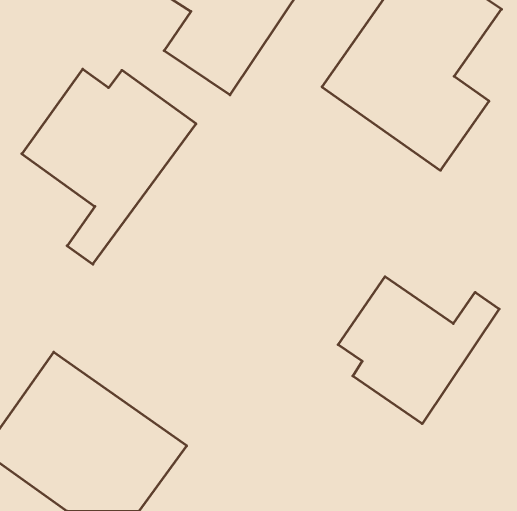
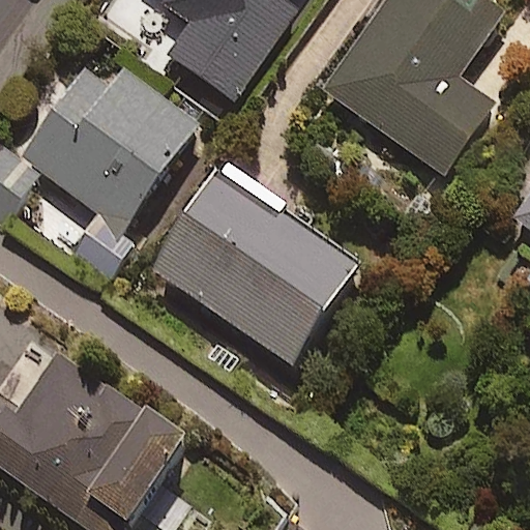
building: none -> [156,167,359,366]
building: [338,277,499,424] -> none

